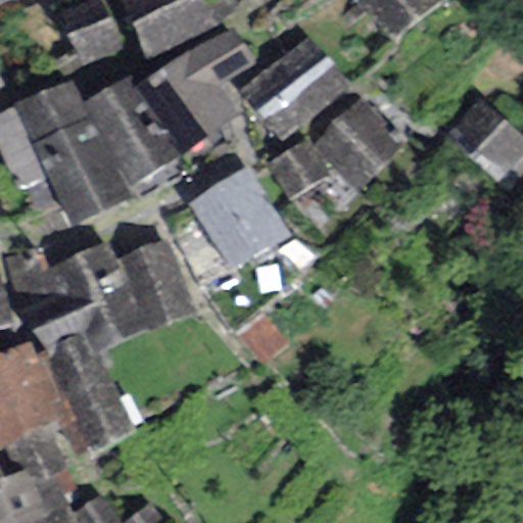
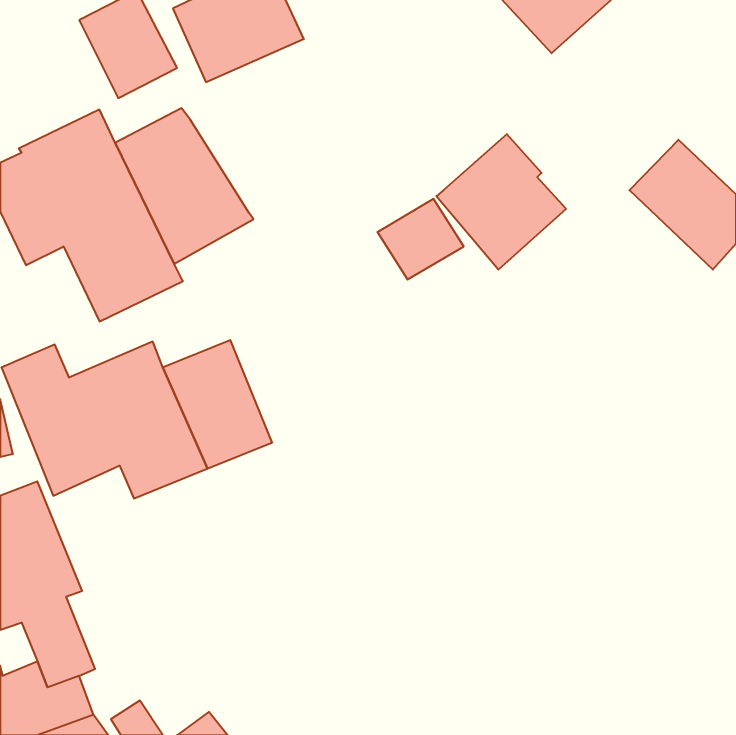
building: [135,29,253,151] -> none
building: [240,36,348,140] -> none
building: [187,165,289,269] -> none
building: [38,330,131,453] -> none

